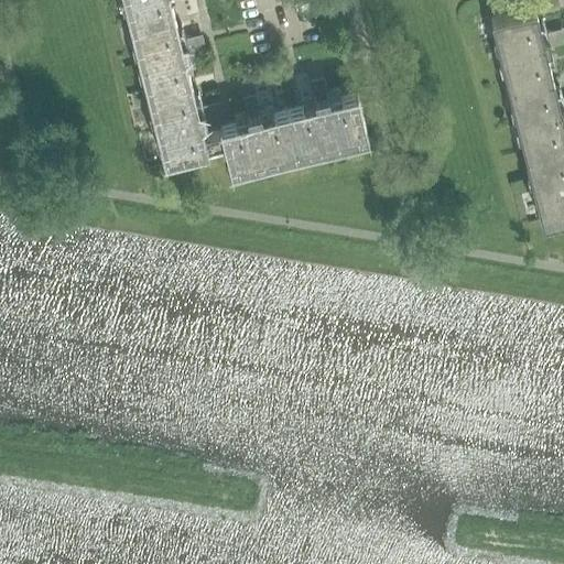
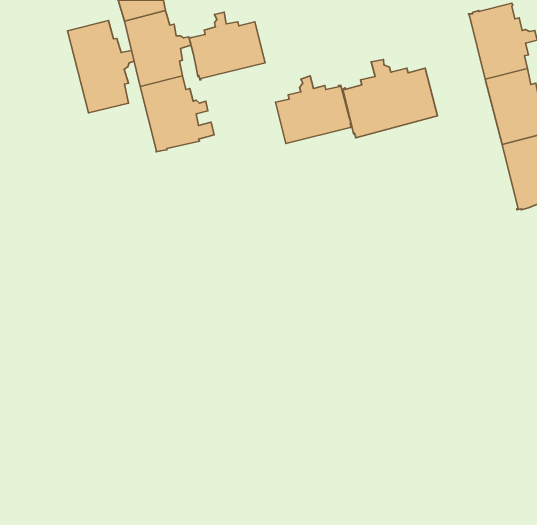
building: none -> [67,21,134,113]
building: none -> [343,59,437,138]
building: [221,111,301,182] -> [189,12,265,80]

